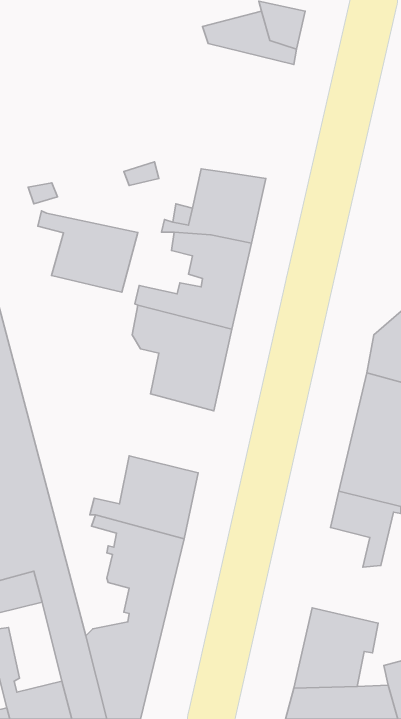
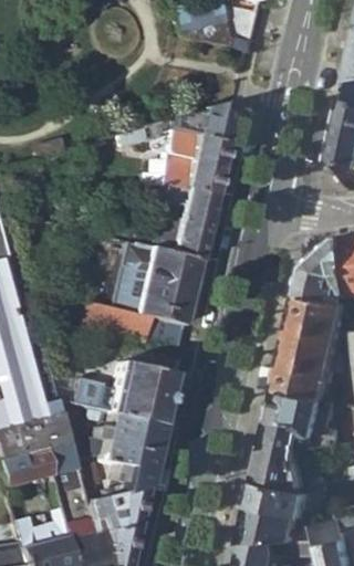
building: none -> [199,99,238,140]
building: [38,211,138,292] -> none
building: none -> [83,297,187,349]
building: none -> [266,415,312,484]

